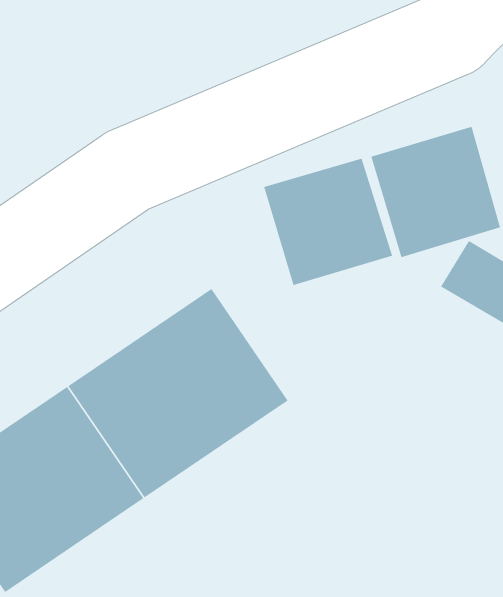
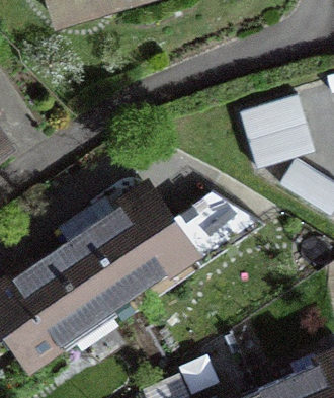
building: [263,158,393,286] -> none

